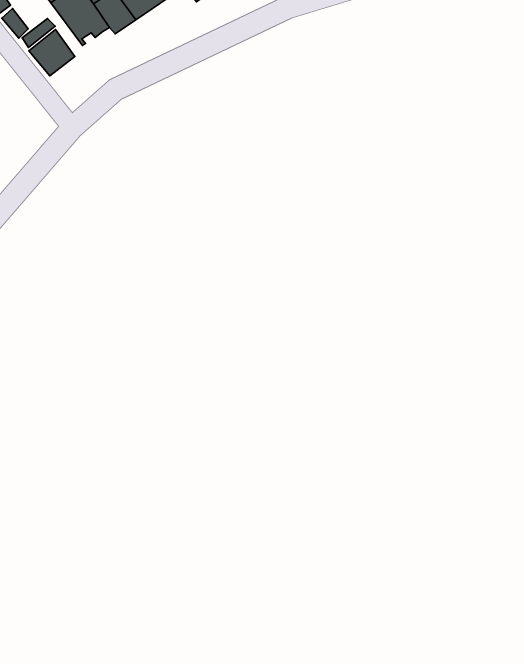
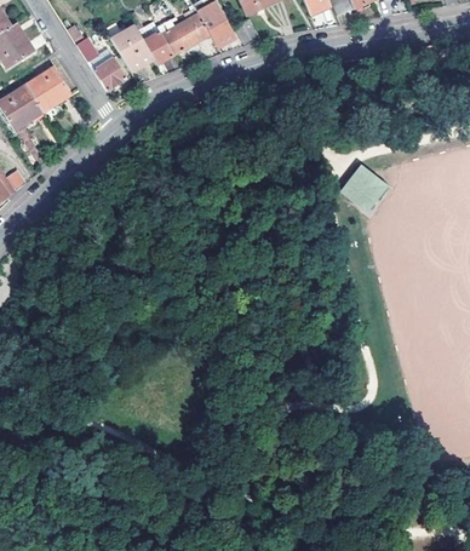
building: none -> [344,168,384,210]

